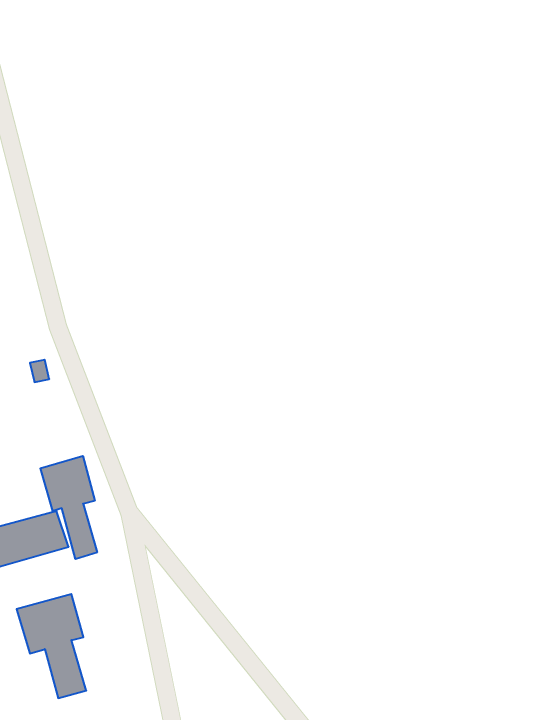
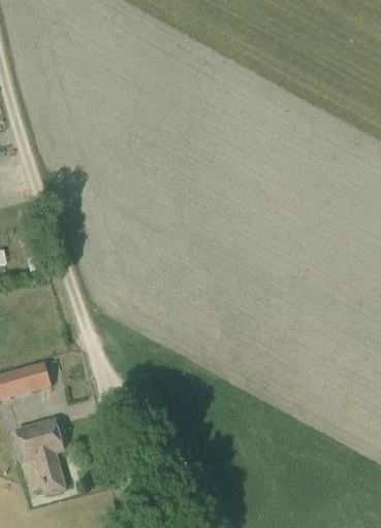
building: [40,456,97,559] -> none

